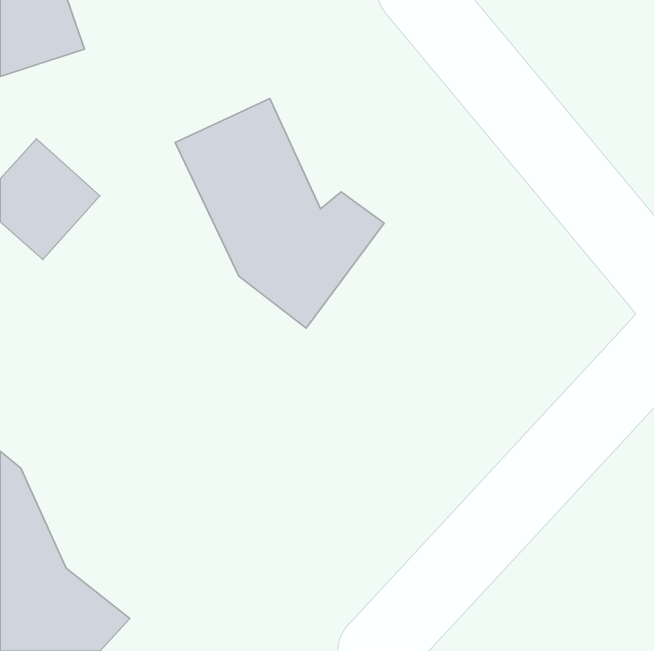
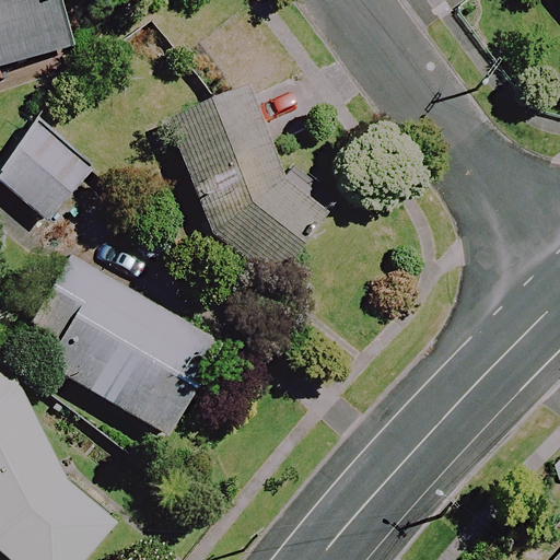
building: none -> [33,257,219,434]

